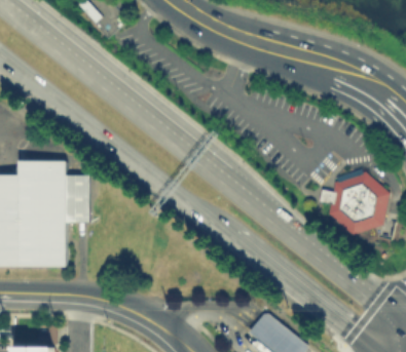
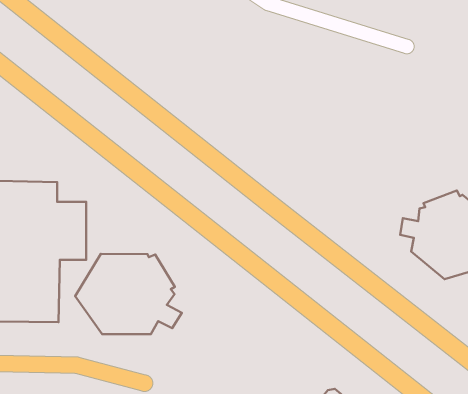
building: none -> [75,254,182,334]

